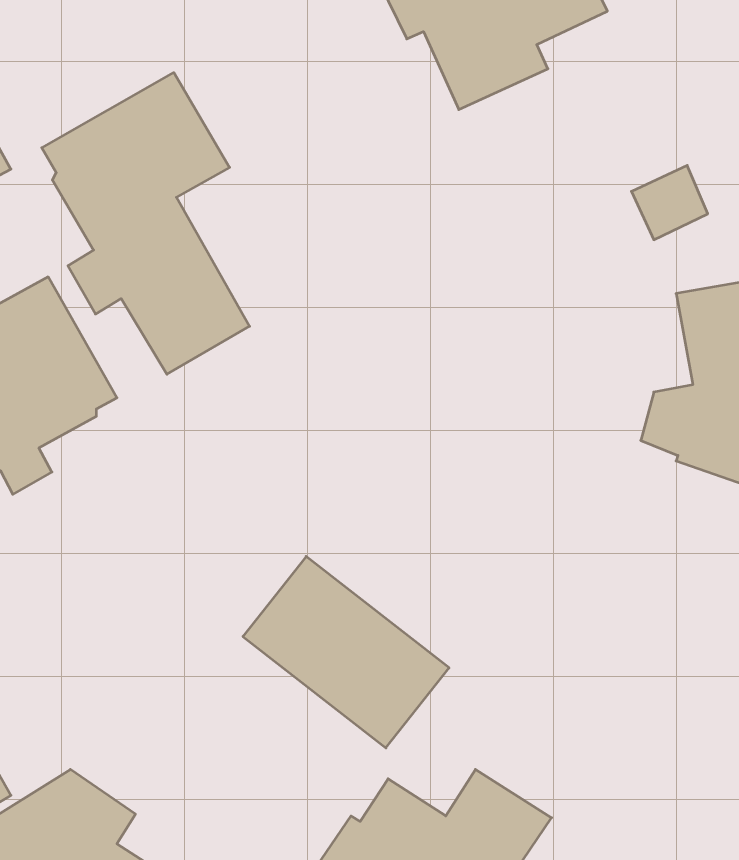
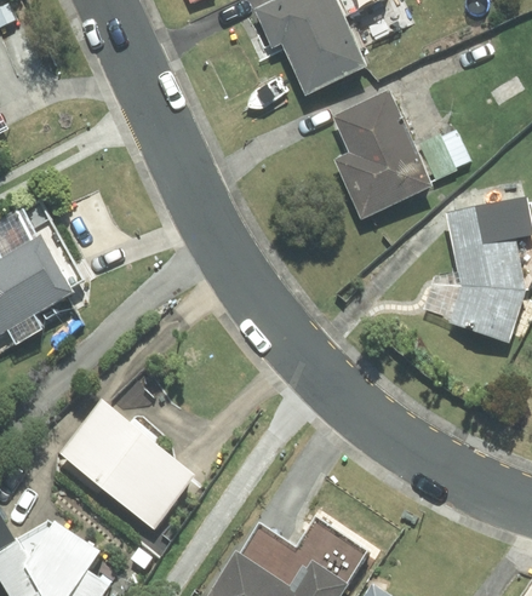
building: [42,73,250,374] -> none
building: none -> [333,94,428,216]
building: [243,556,449,748] -> [58,401,193,526]

